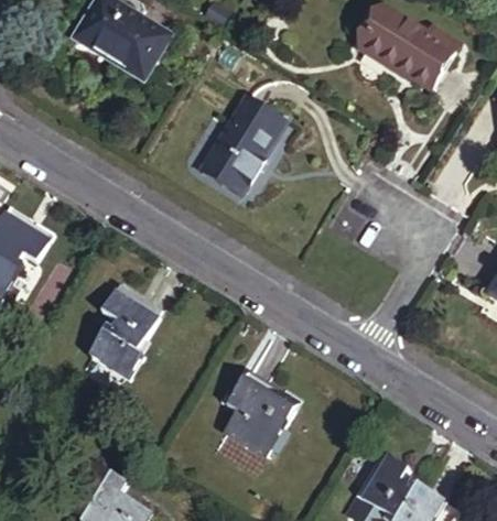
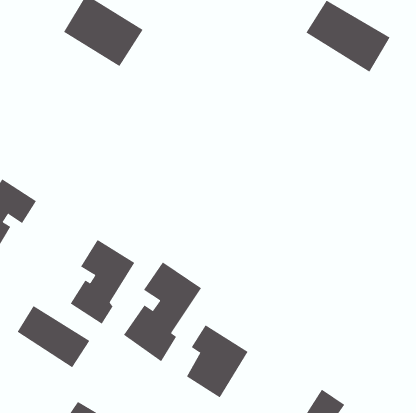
building: [203,96,290,195] -> none
building: none -> [123,262,202,362]
building: none -> [17,305,90,368]

